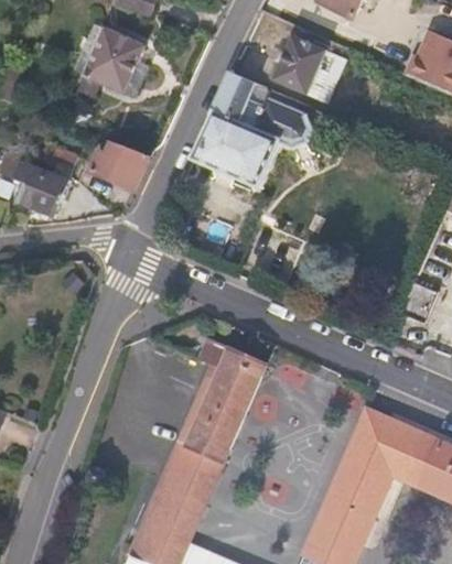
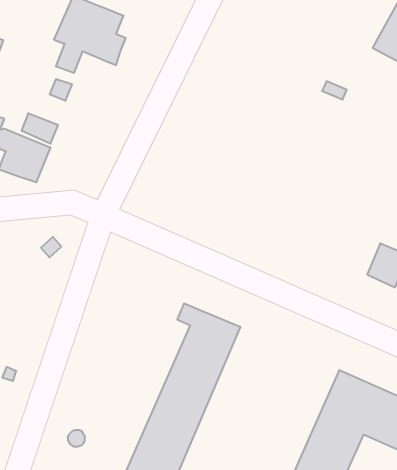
building: [273,35,347,104] -> none
building: [191,70,311,187] -> none
building: [90,138,150,189] -> none

